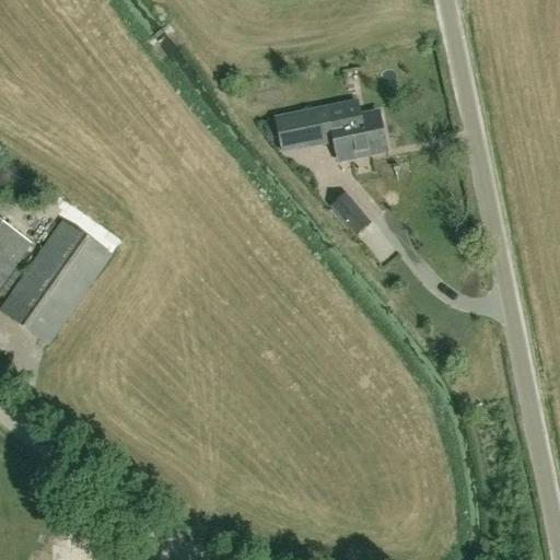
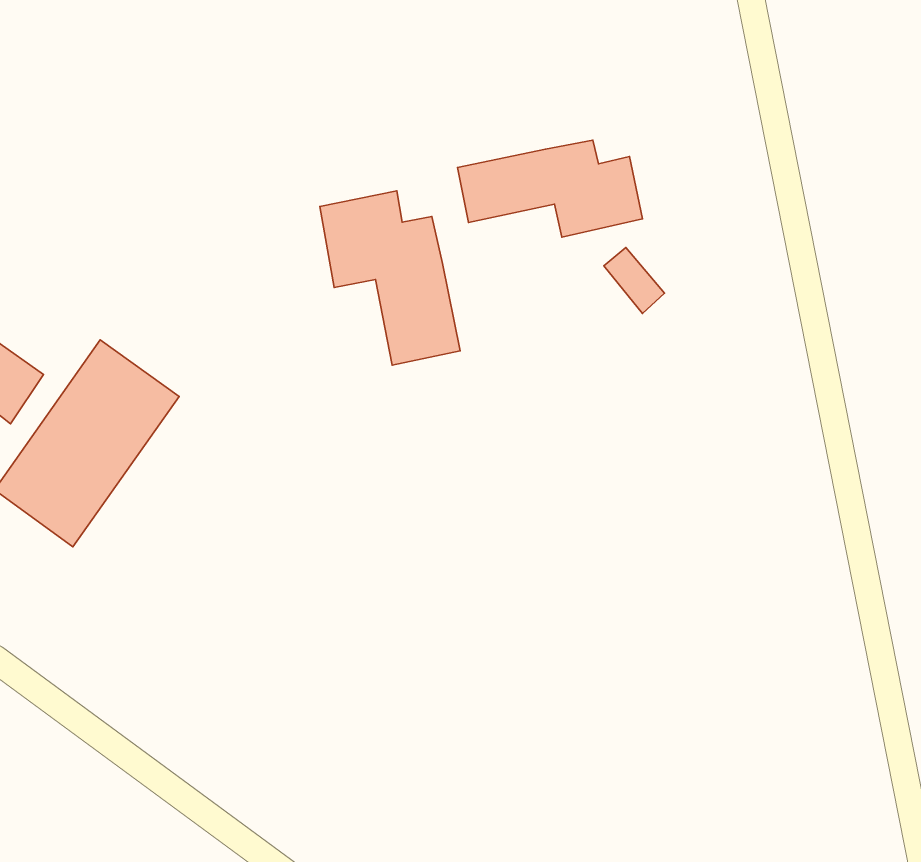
building: none -> [320,191,460,365]
building: [334,194,370,233] -> [604,248,664,313]

